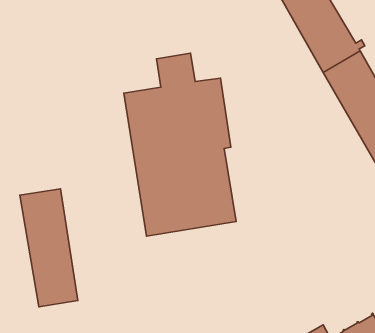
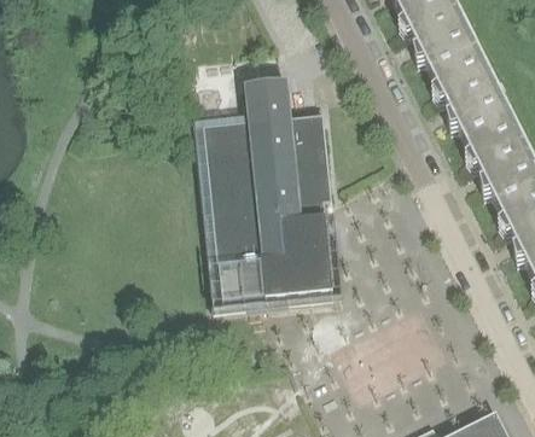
building: [20,189,78,307] -> none

